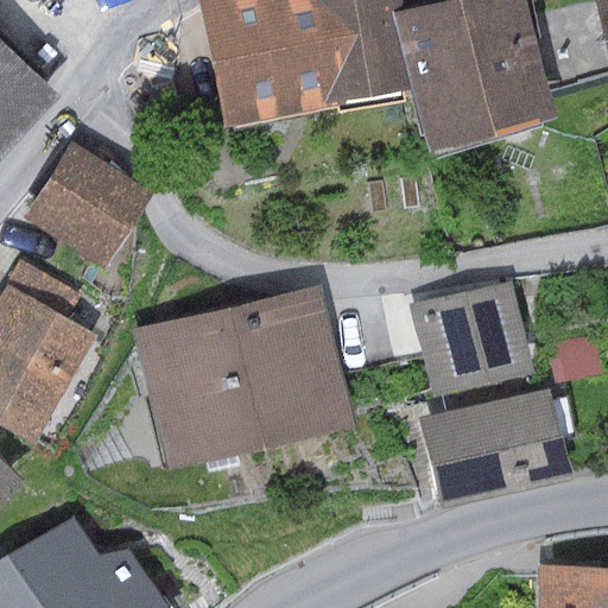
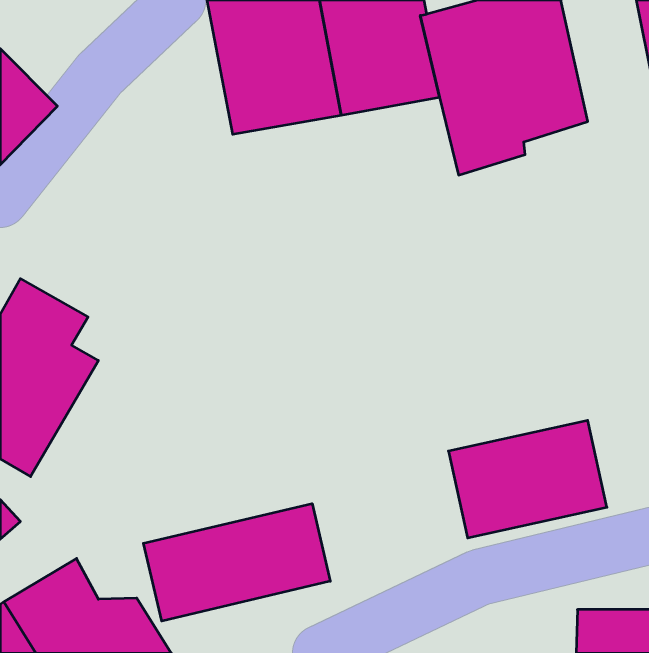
building: [24,141,151,267] -> none
building: [413,283,531,393] -> none
building: [132,285,352,470] -> none
building: none -> [143,504,330,621]

